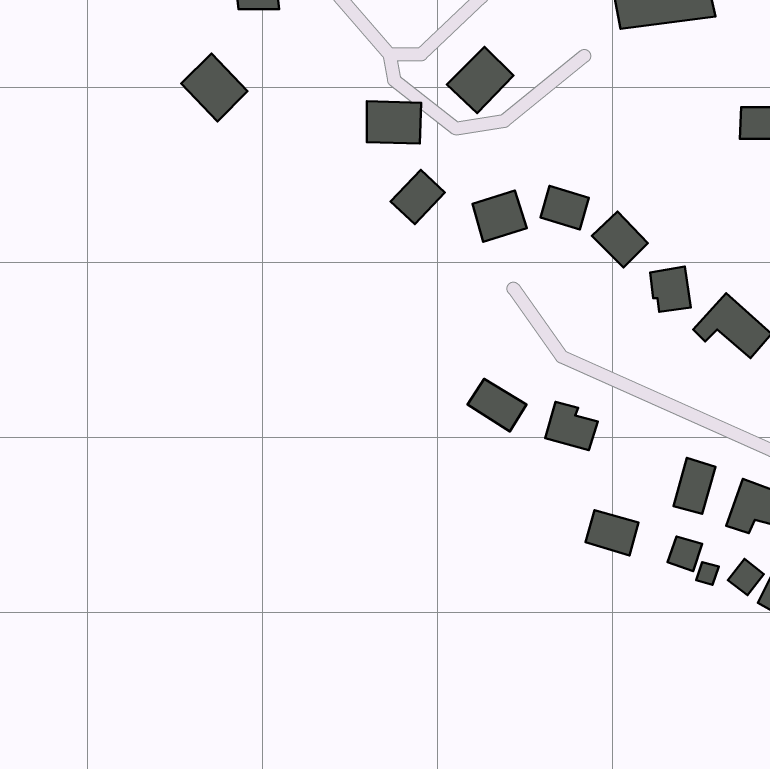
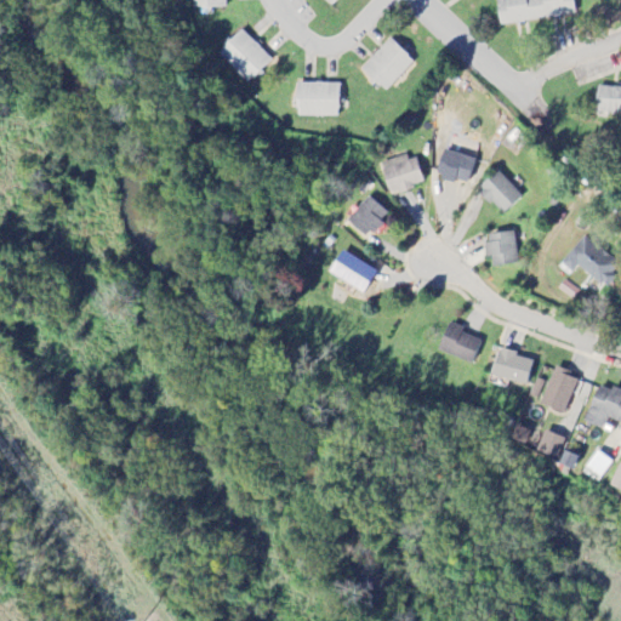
building: [181,53,248,121] -> [218,28,272,82]
building: [391,170,445,224] -> [346,195,389,239]
building: [650,267,691,312] -> [485,230,518,267]
building: [467,379,526,432] -> [330,250,377,292]
building: [586,510,638,556] -> [491,348,534,384]

